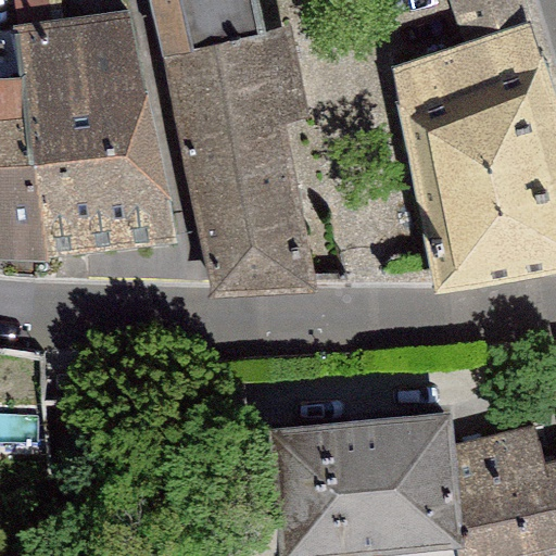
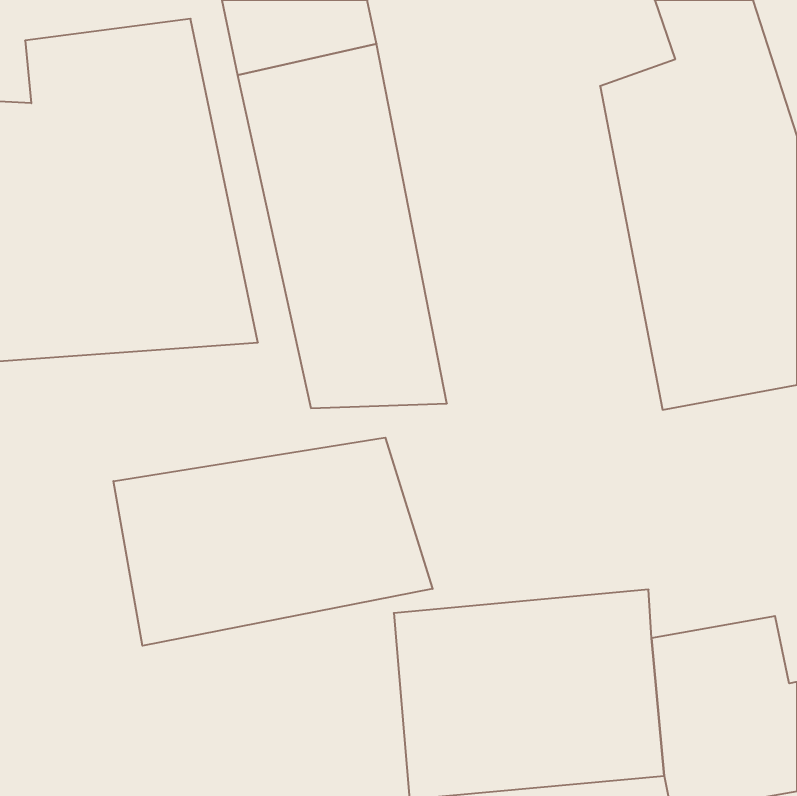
building: none -> [113,438,433,646]

